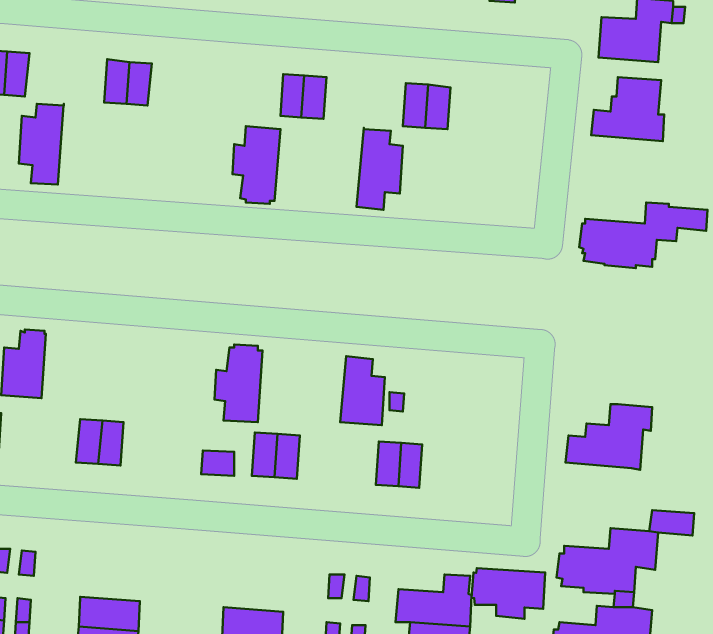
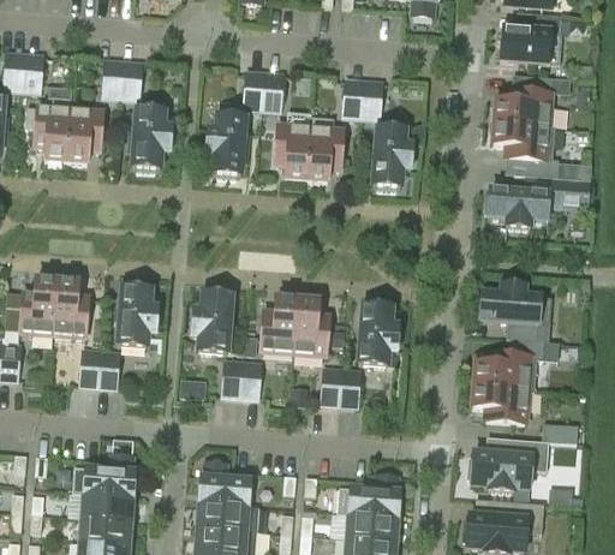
building: none -> [66,96,103,162]
building: none -> [132,108,172,171]
building: none -> [275,109,312,179]
building: none -> [494,121,559,177]
building: none -> [374,126,412,189]
building: none -> [53,279,89,336]
building: none -> [119,284,157,346]
building: none -> [478,284,551,341]
building: none -> [261,298,298,352]
building: none -> [359,303,399,365]
building: none -> [473,384,527,422]
building: none -> [73,454,135,496]
building: none -> [199,461,250,505]
building: [471,568,545,619] -> none

